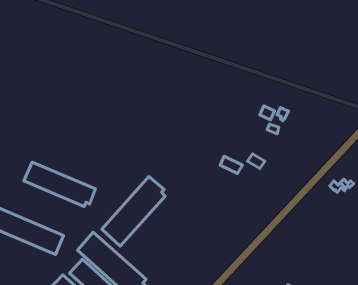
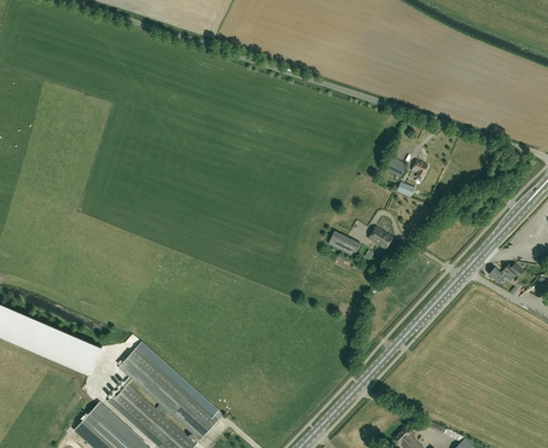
building: [24,162,95,206] -> none
building: [102,176,165,246] -> none

